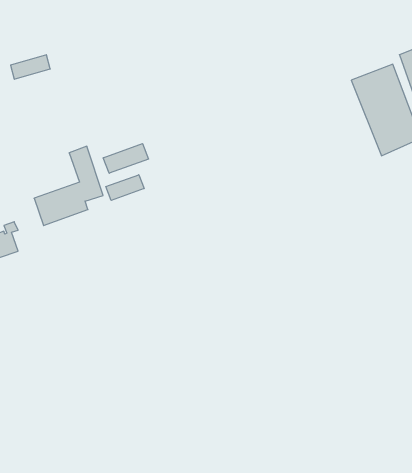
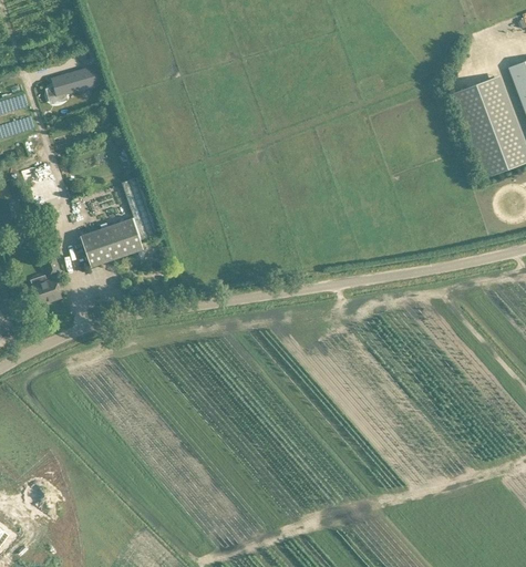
building: [103,144,148,173] -> none
building: [106,175,144,200] -> none

